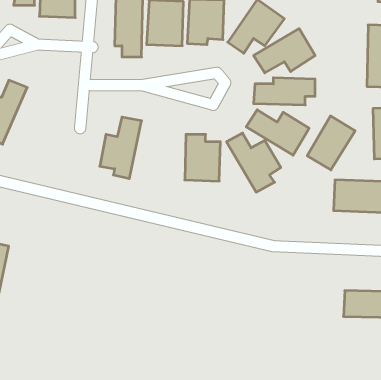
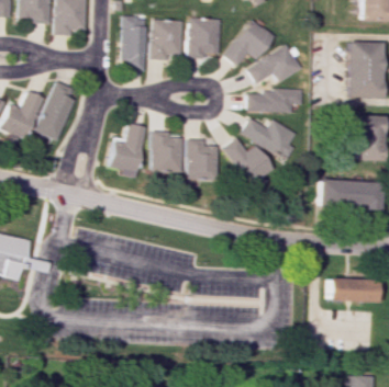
building: none -> [37,80,77,140]
building: [307,116,355,170] -> none
building: none -> [152,129,184,171]

